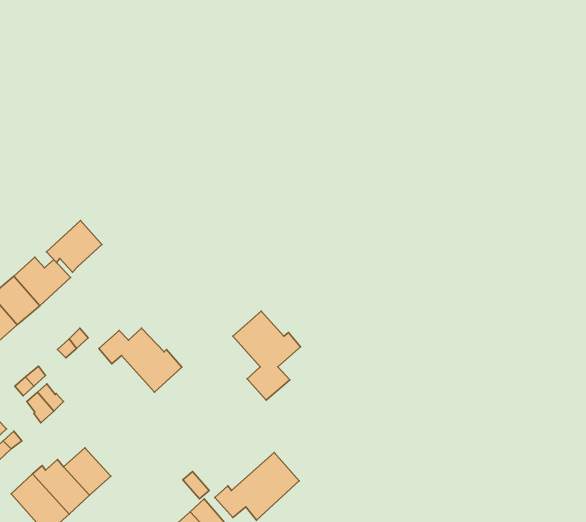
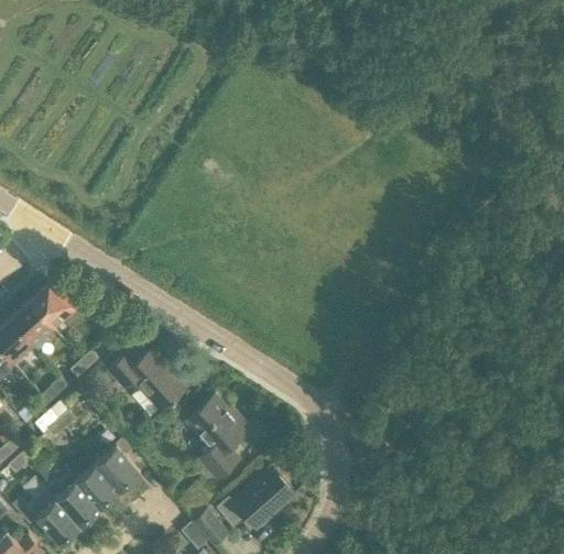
building: [47,221,102,272] -> none
building: [233,311,300,400] -> [186,395,249,478]
building: none -> [95,444,139,489]

